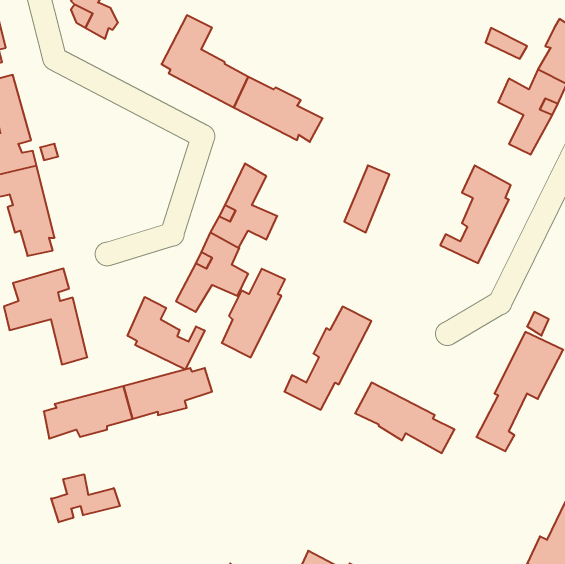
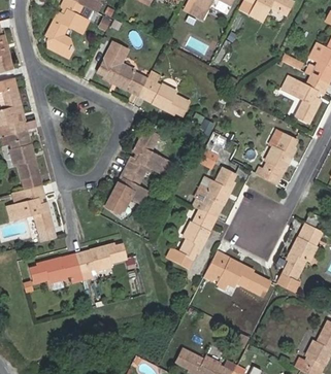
building: [222,269,285,357] -> [200,167,236,217]
building: [128,297,205,369] -> none
building: [51,474,120,522] -> none

